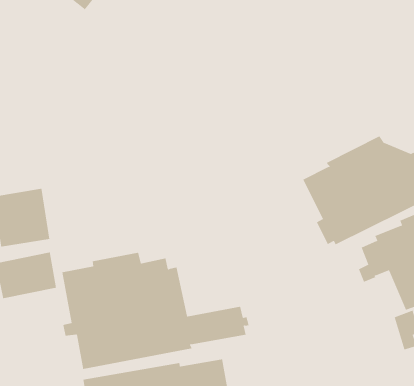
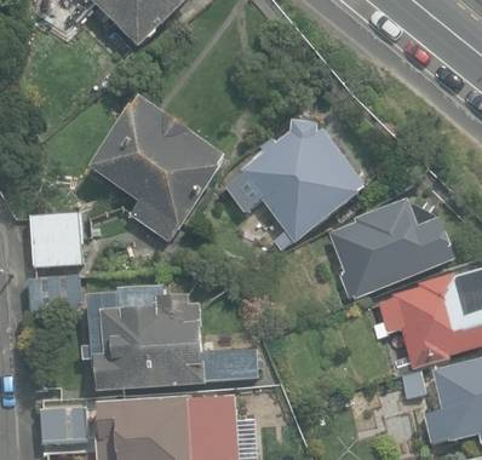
building: none -> [91,98,224,238]
building: none -> [230,121,365,248]

